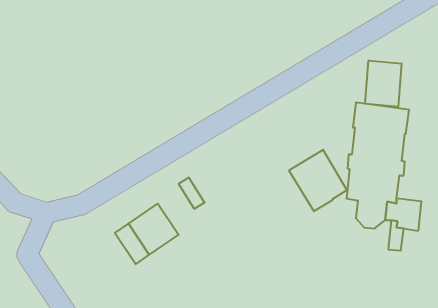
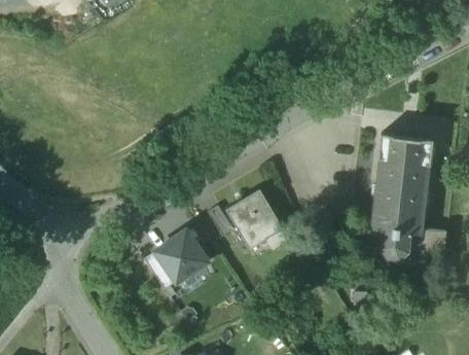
building: [365,60,402,107] -> none
building: [289,150,347,211] -> [225,188,283,249]

